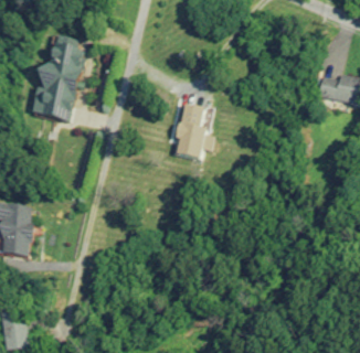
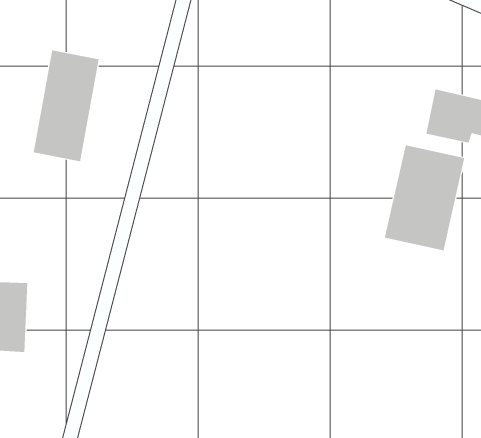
building: [172,100,210,157] -> none
building: none -> [384,145,465,251]

